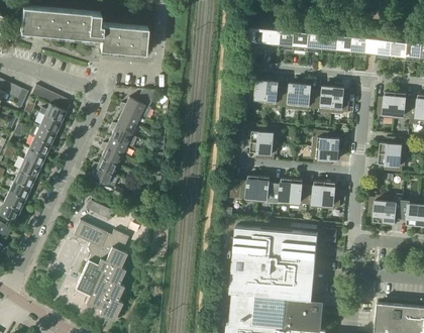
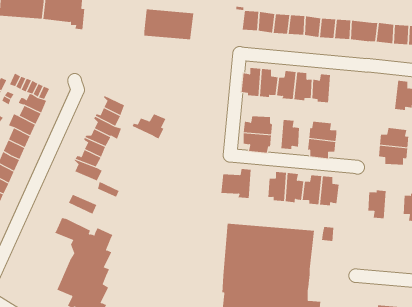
building: [101,23,148,52] -> [144,9,194,40]
building: [332,87,350,114] -> none
building: [378,91,397,119] -> none
building: [121,94,153,118] -> [132,113,166,139]
building: [257,176,276,204] -> [281,119,300,149]
building: [385,193,404,223] -> none

